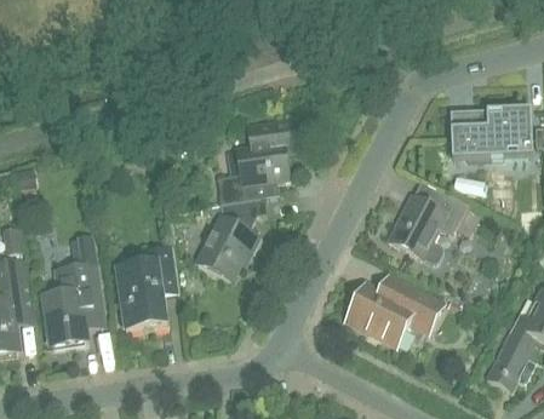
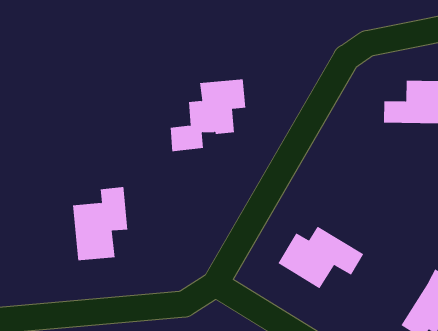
building: [388,194,466,259] -> none
building: [196,196,267,280] -> none
building: [45,236,101,345] -> none

